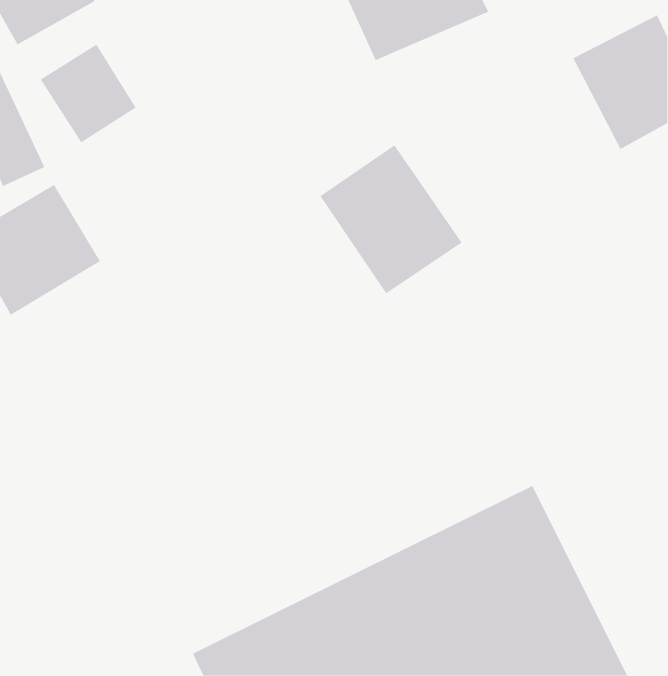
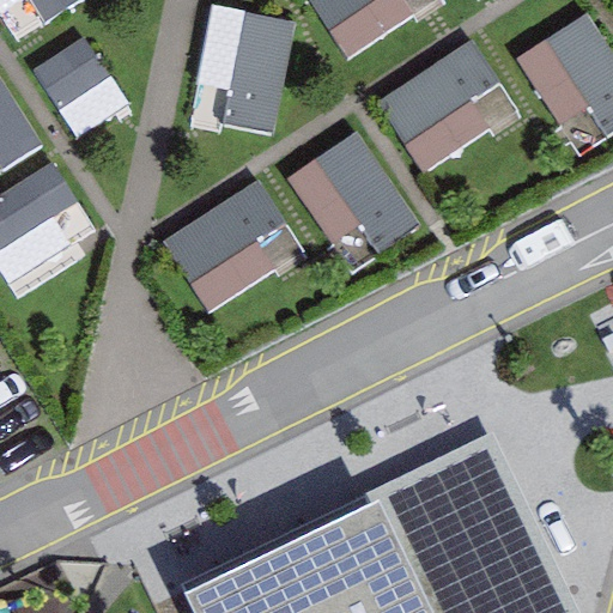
building: none -> [205,12,286,120]
building: none -> [377,42,497,175]
building: none -> [162,184,301,317]

